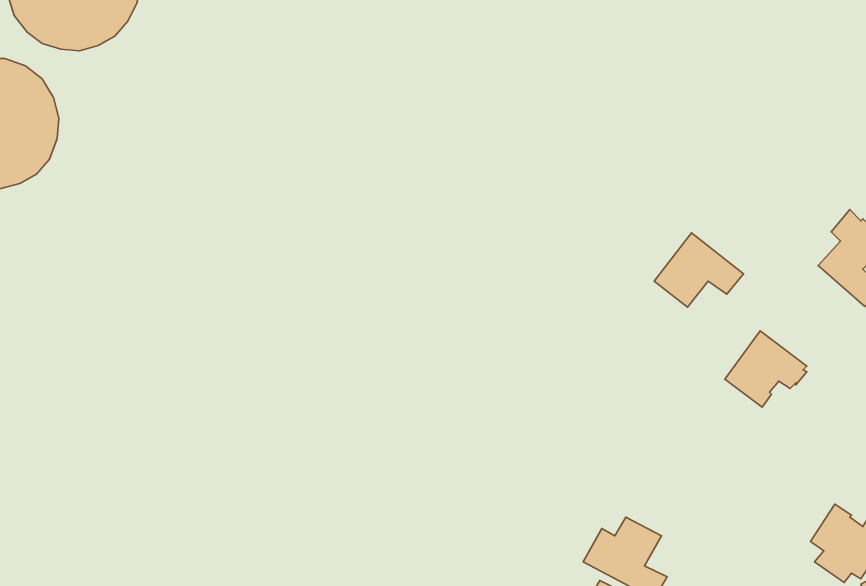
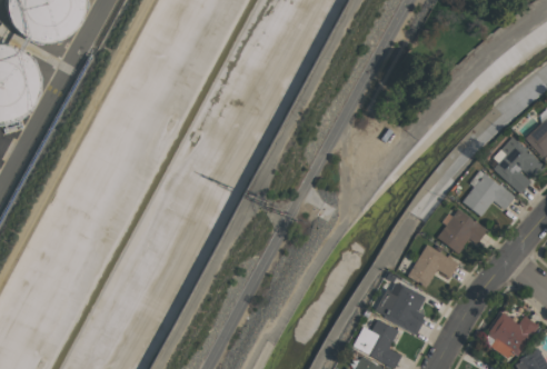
building: [654,233,744,307] -> [461,172,515,217]
building: none -> [408,243,458,287]
building: none -> [376,283,427,335]

